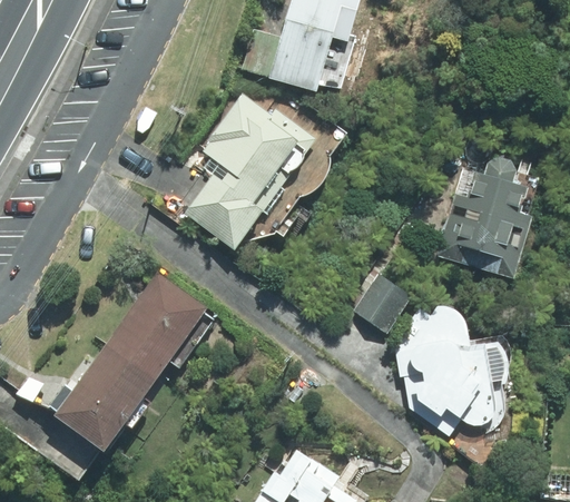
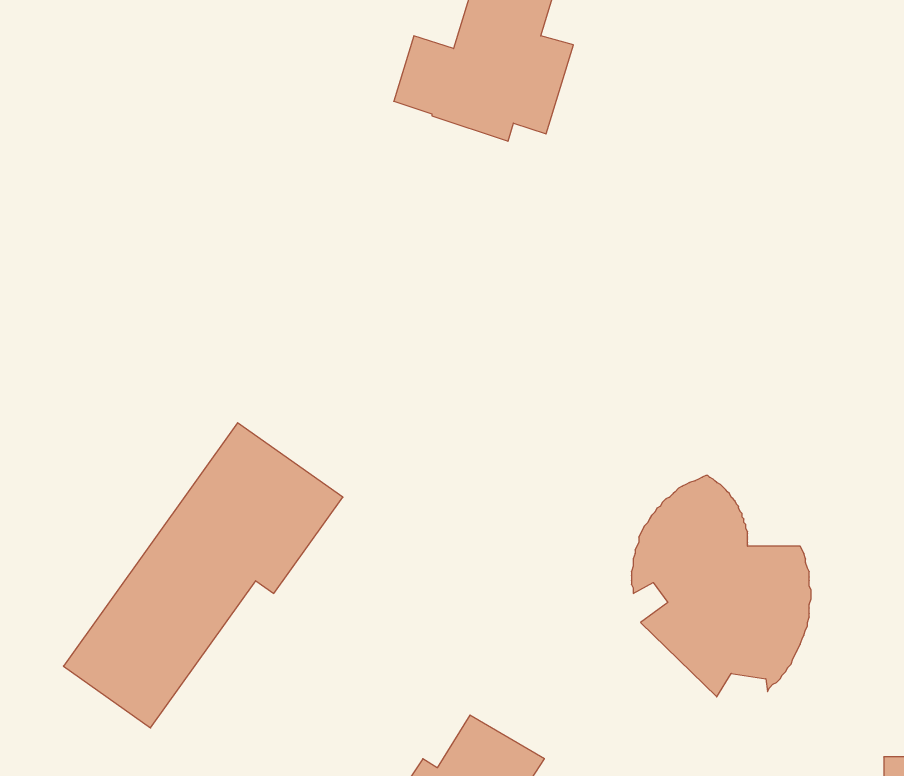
building: [189,96,316,252] -> none
building: [439,156,529,275] -> none
building: [352,275,407,334] -> none

